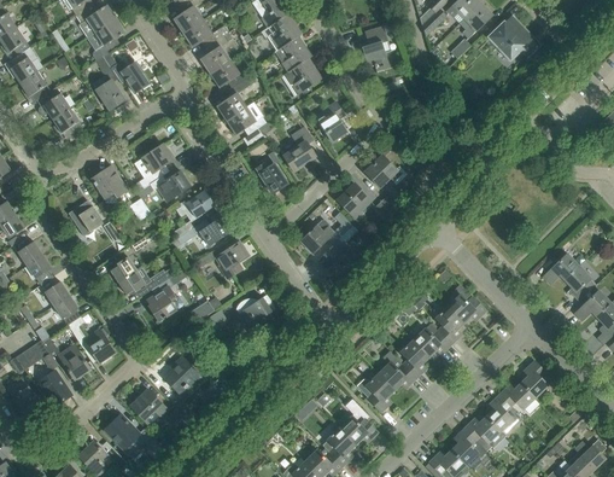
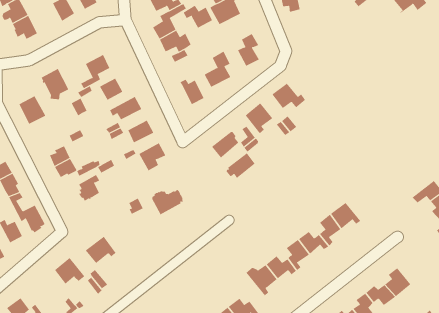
building: none -> [183,5,213,29]
building: [105,414,140,448] -> none

